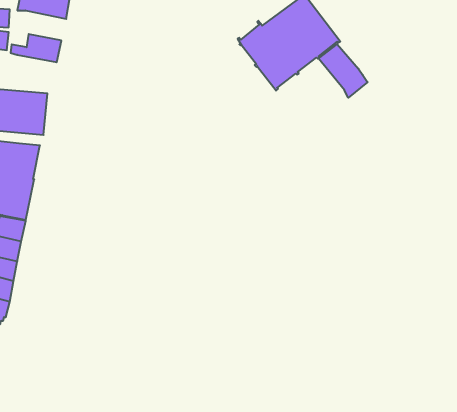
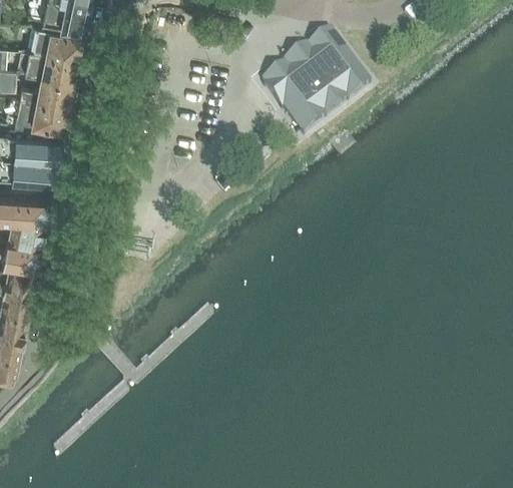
building: none -> [18,52,73,84]
building: [318,44,368,98] -> none
building: none -> [8,97,63,130]

